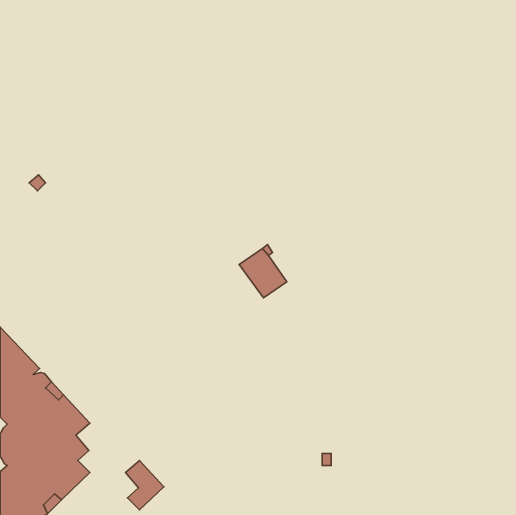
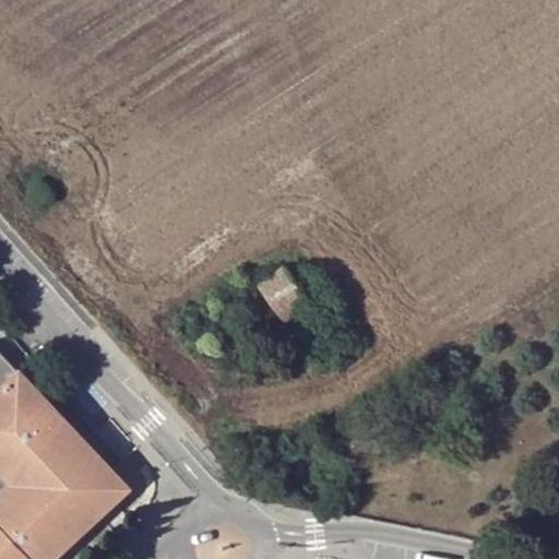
building: [125,460,164,510] -> [82,459,123,512]

